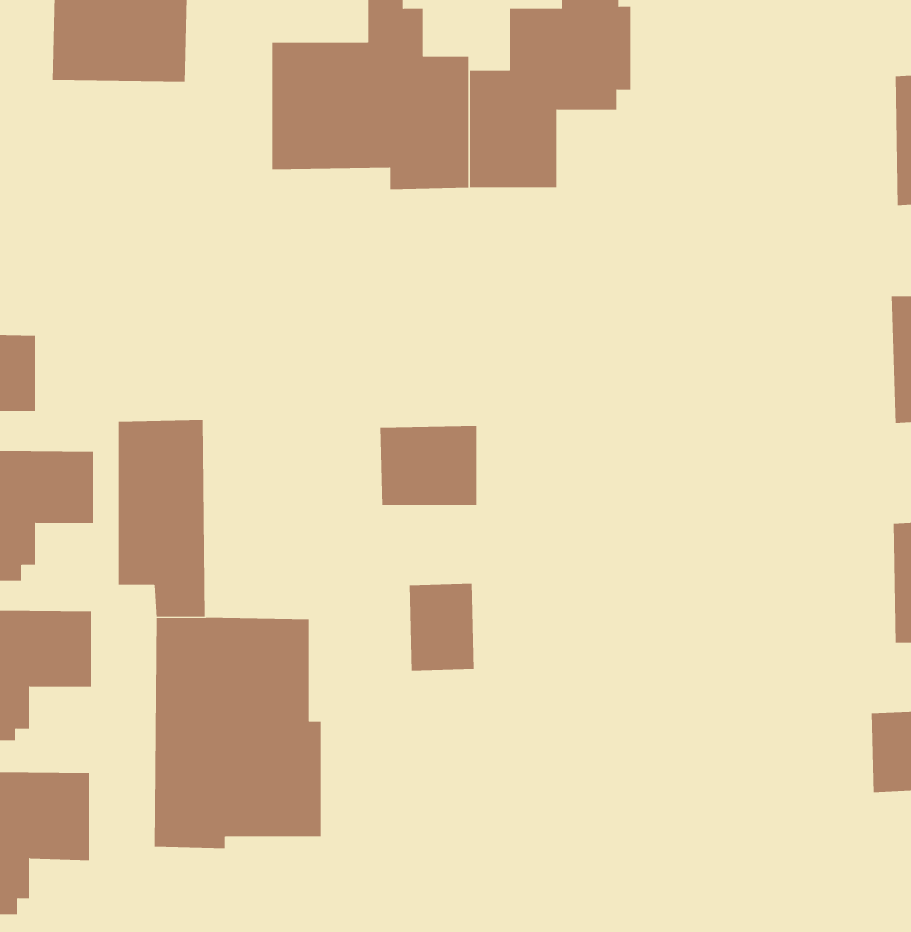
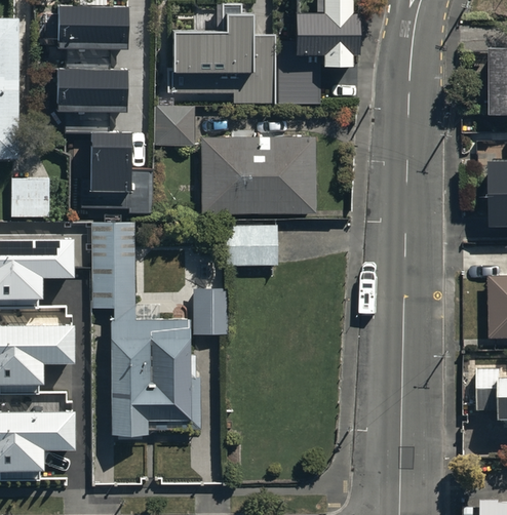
building: none -> [55,68,126,112]
building: none -> [155,107,193,147]
building: none -> [89,130,130,190]
building: none -> [200,136,316,213]
building: [409,583,475,671] -> [193,290,227,335]

